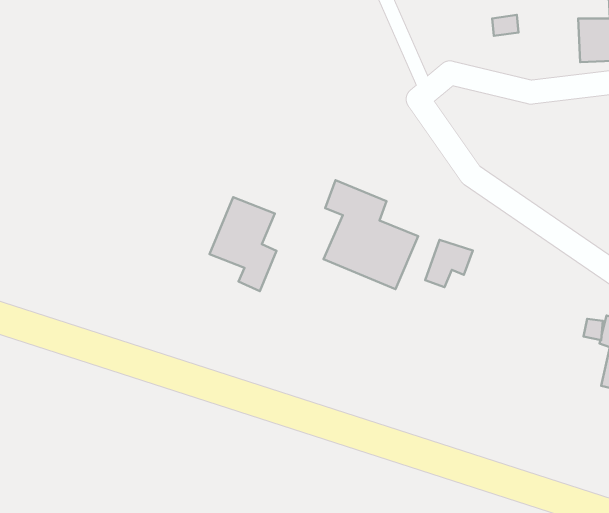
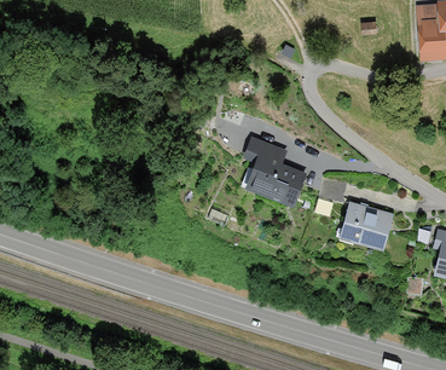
building: [210,197,276,291] -> none
building: none -> [337,198,395,252]

